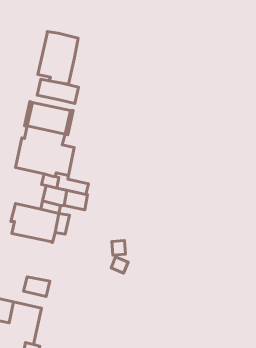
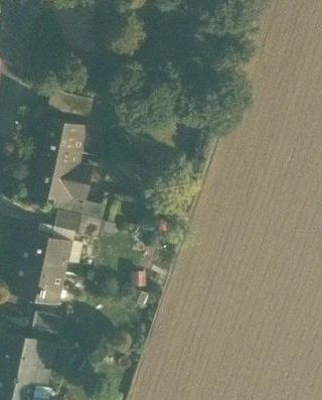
building: [38,31,78,84] -> none
building: none -> [15,263,64,303]

